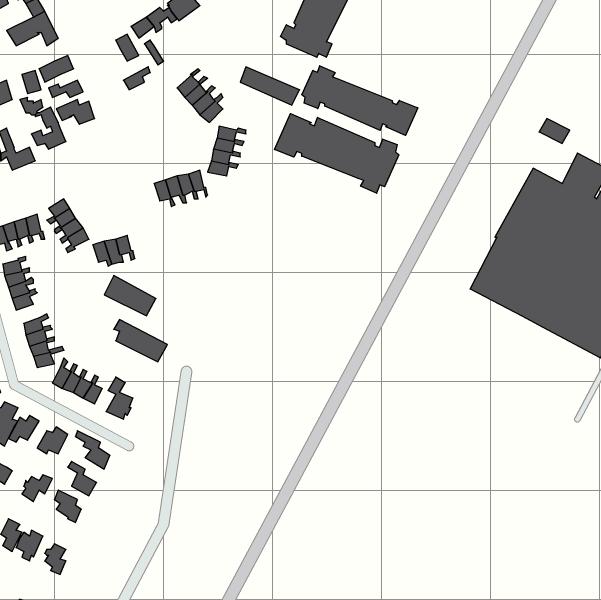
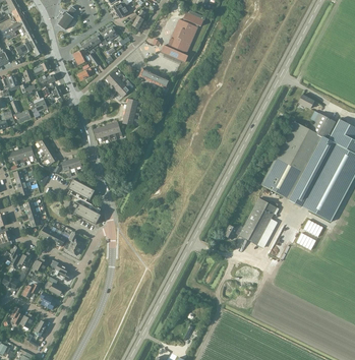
building: [302,66,418,135] -> none
building: [275,114,399,193] -> none
building: none -> [224,197,279,248]

